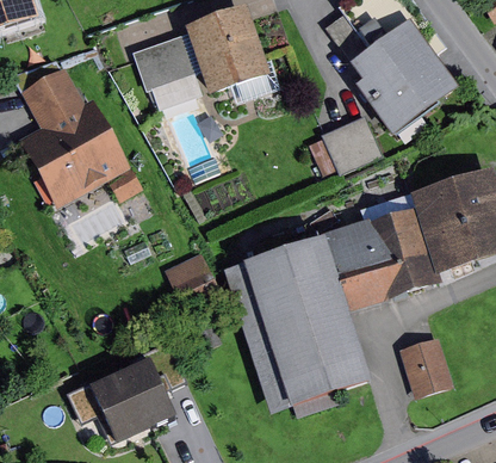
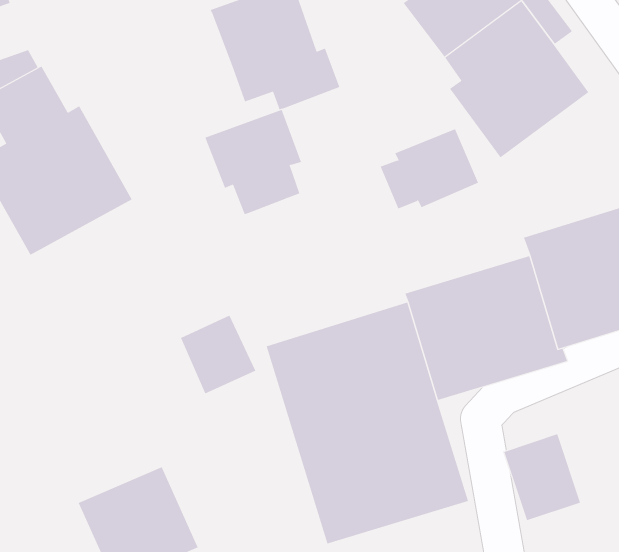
building: [129,30,199,106] -> [205,109,302,215]

